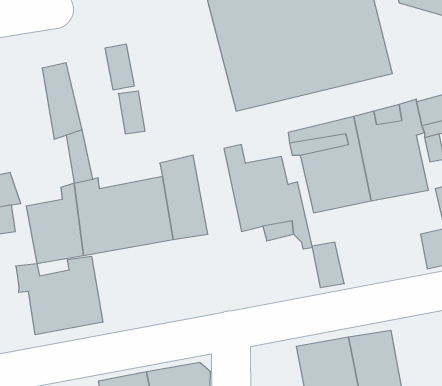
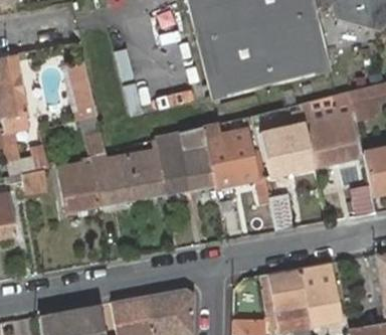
building: none -> [181,126,220,204]
building: [16,256,103,335] -> none

